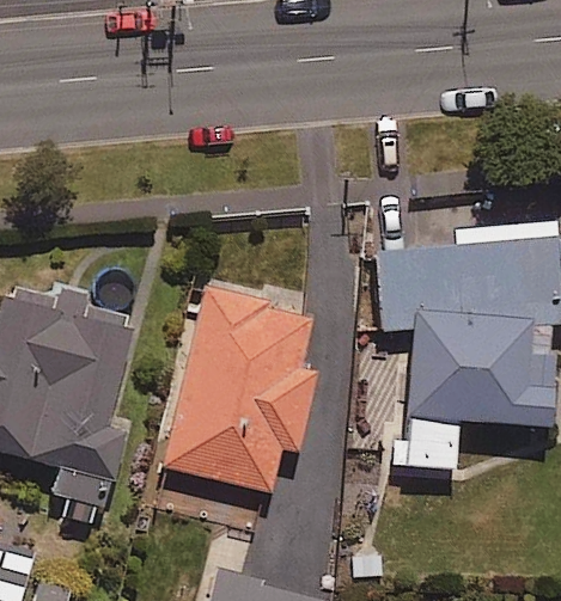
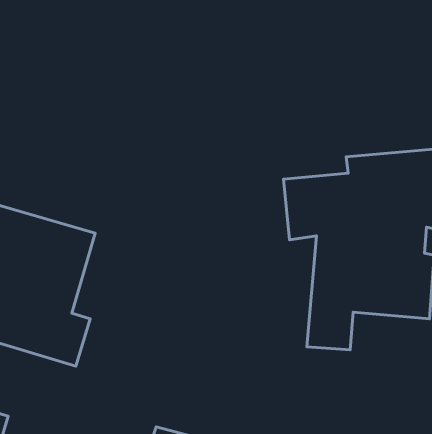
building: [158,290,318,491] -> none

